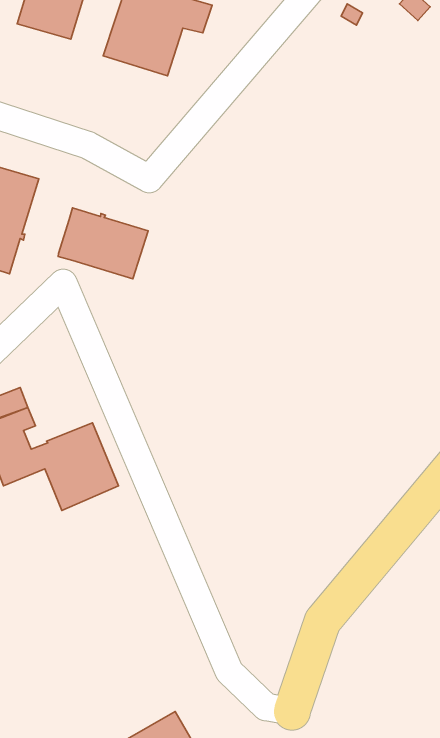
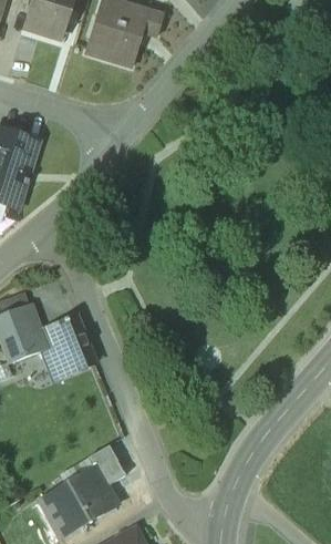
building: [58,208,148,279] -> none
building: none -> [51,444,126,534]

